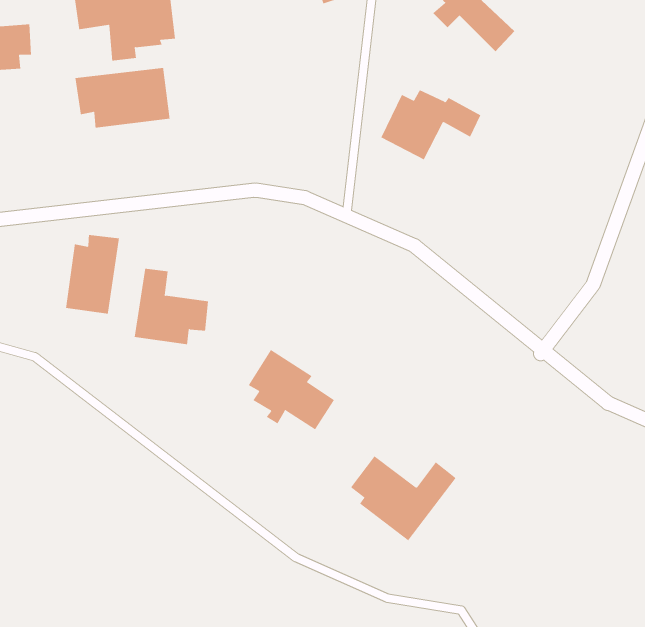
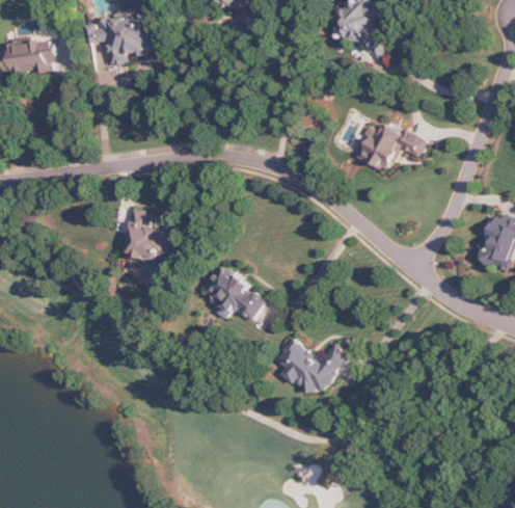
building: [75,67,170,129] -> none
building: [381,90,481,160] -> [356,123,426,171]
building: [66,234,120,314] -> none

